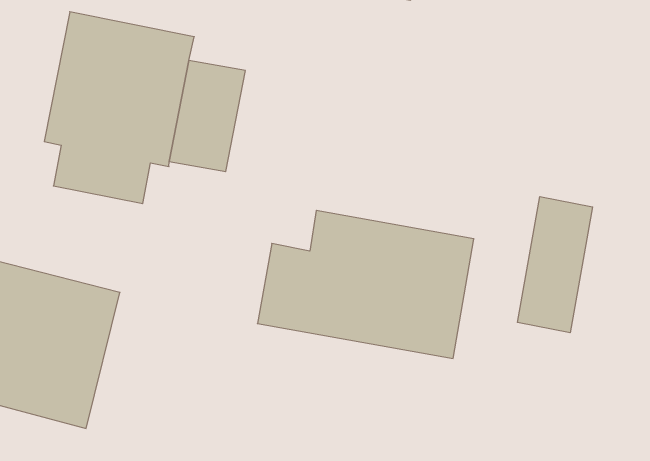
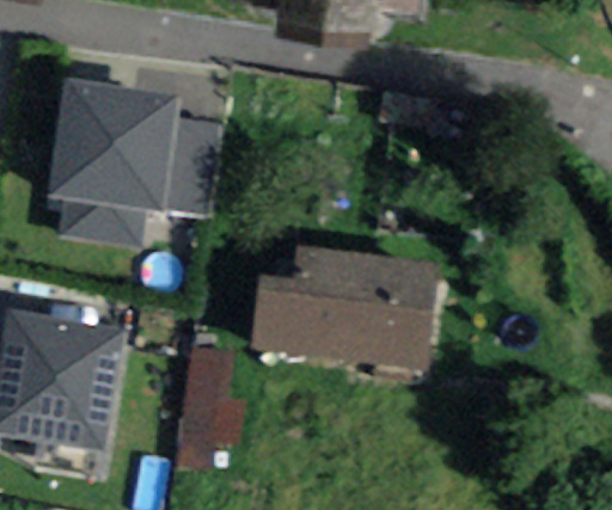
building: [517,197,593,333] -> none
building: none -> [178,348,243,467]

